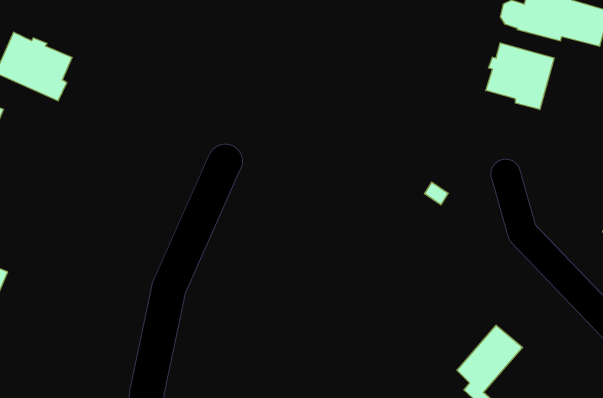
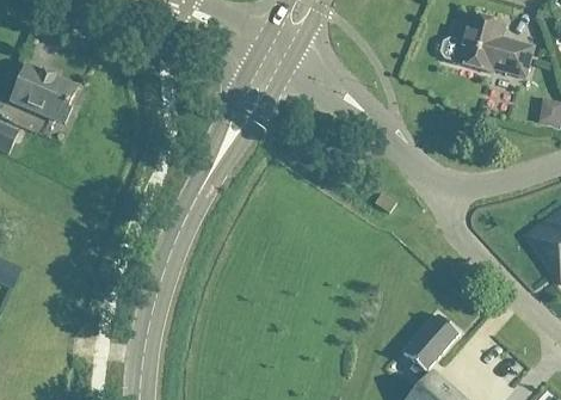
building: [486,43,554,110] -> none

